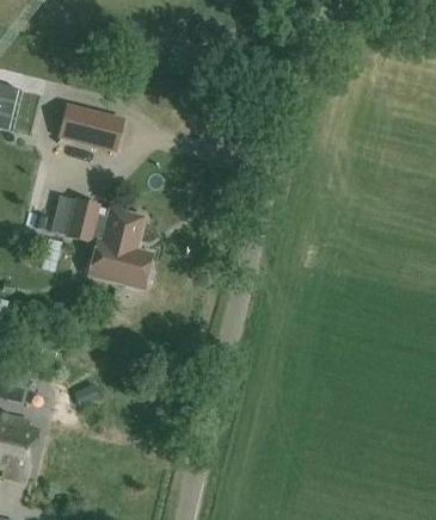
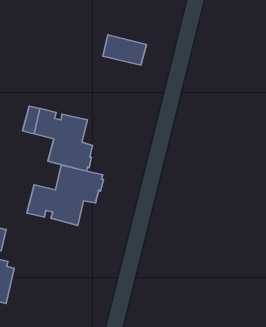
building: [59,104,122,148] -> [103,35,146,65]
building: none -> [27,165,103,226]

